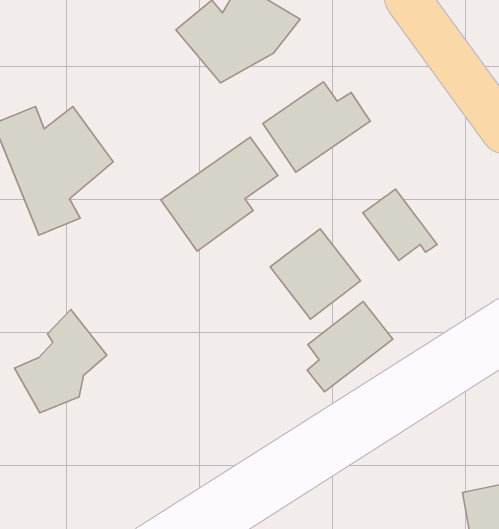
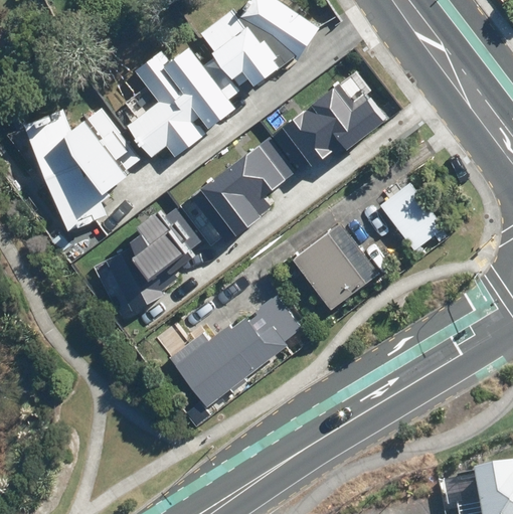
building: none -> [130,44,238,156]
building: [307,301,393,392] -> none
building: none -> [167,298,299,408]
building: [14,310,107,413] -> [108,208,195,306]

